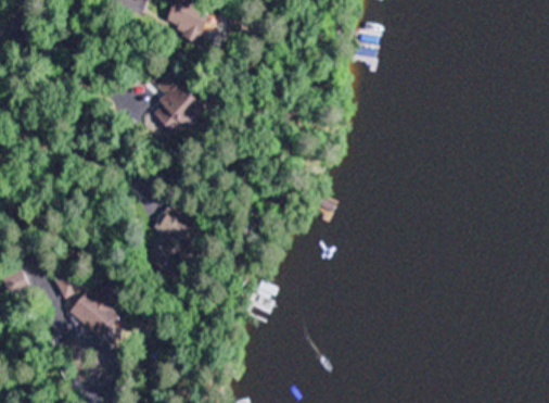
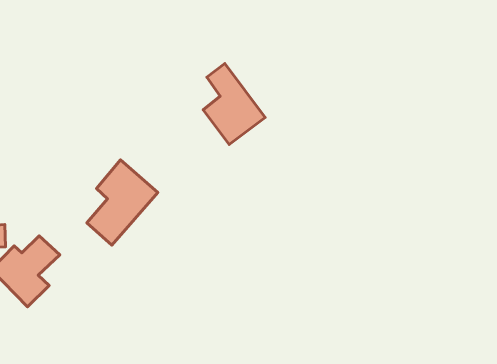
building: [148,67,204,138] -> [203,64,265,144]

